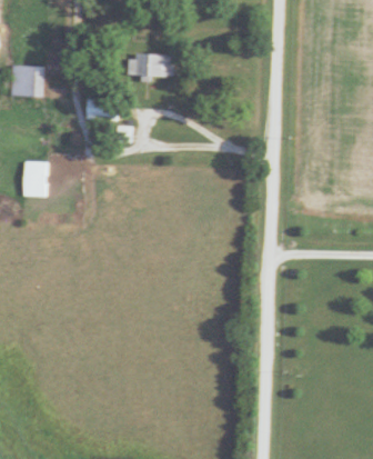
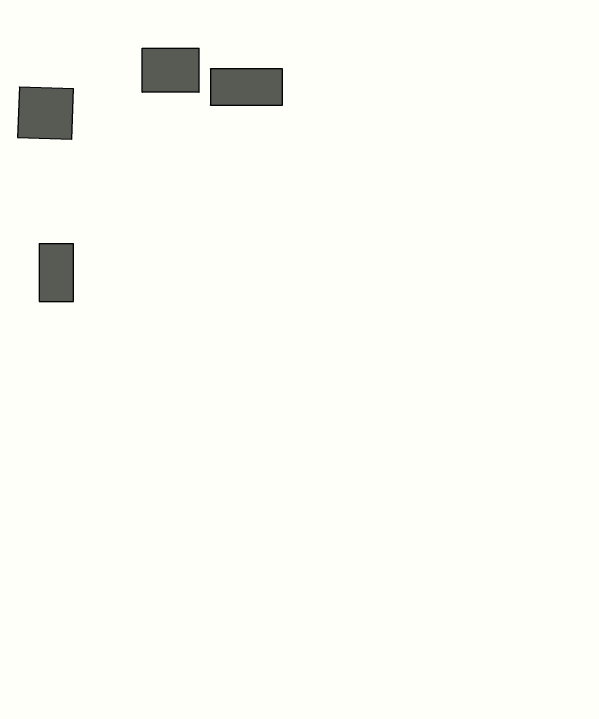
building: none -> [142,48,199,92]

